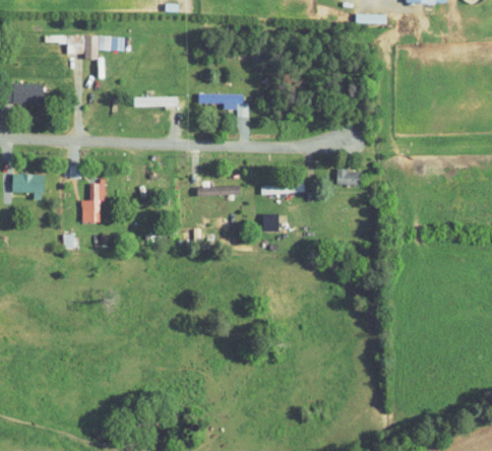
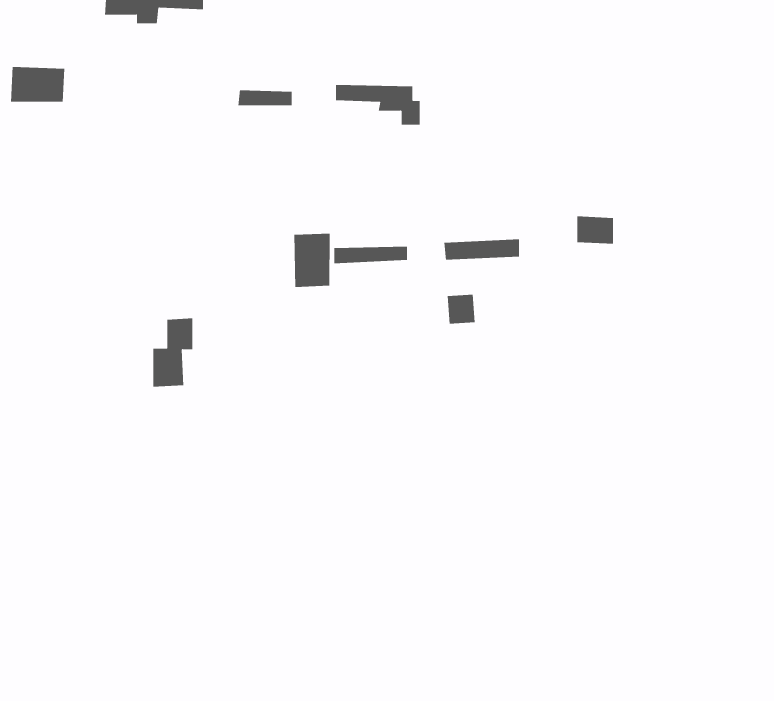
building: [12,173,44,198] -> none
building: none -> [294,233,330,288]
building: [80,182,104,221] -> [152,318,193,387]

